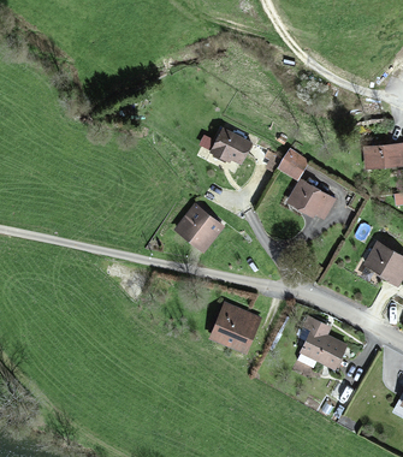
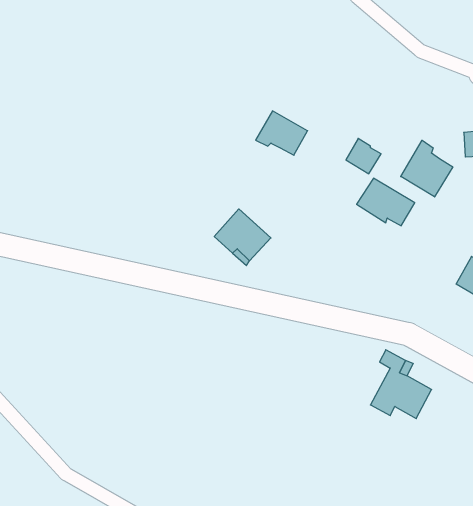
building: none -> [401,140,453,197]
building: [211,305,256,349] -> none

